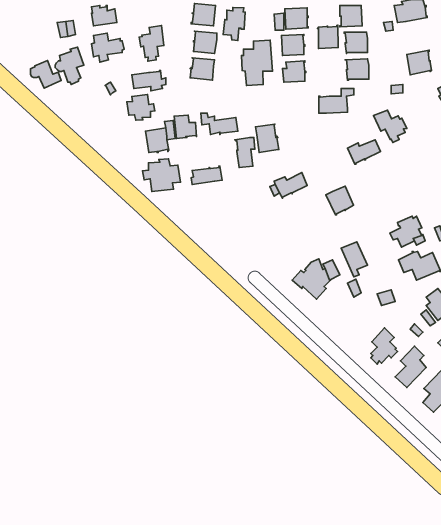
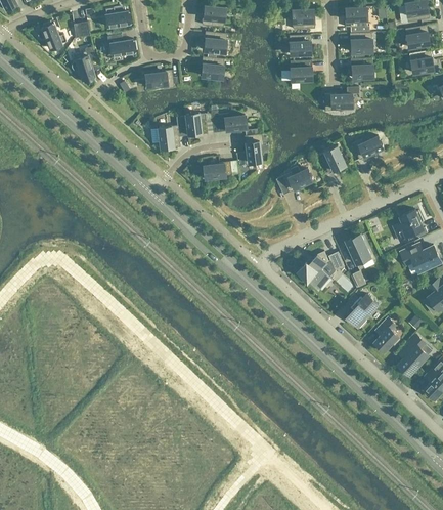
building: [223,7,245,40] -> none
building: none -> [405,26,429,48]
building: [318,25,338,48] -> none
building: [139,25,164,61] -> none
building: [242,40,273,85] -> none
building: [30,60,61,88] -> [37,23,67,49]
building: [127,95,155,120] -> none
building: [374,110,407,143] -> none
building: [255,124,279,152] -> none
building: [142,159,180,191] -> none
building: [326,186,354,215] -> [319,146,346,174]
building: none -> [347,294,378,328]

